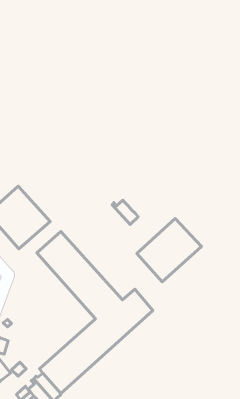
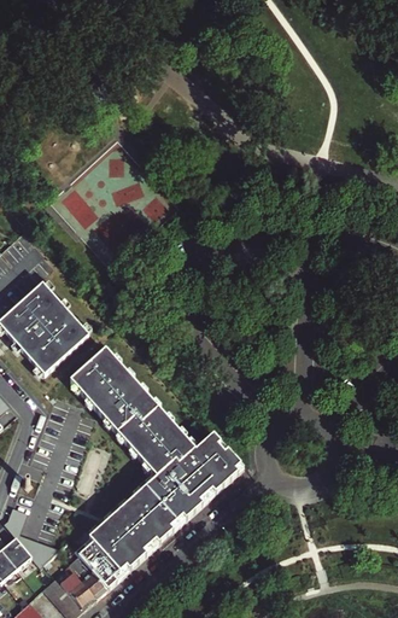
building: [112,200,138,225] -> none
building: [137,218,202,282] -> none

